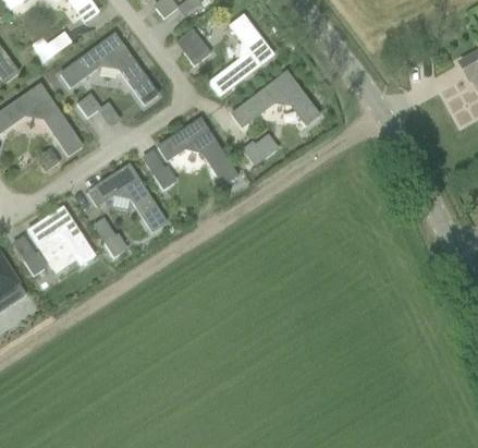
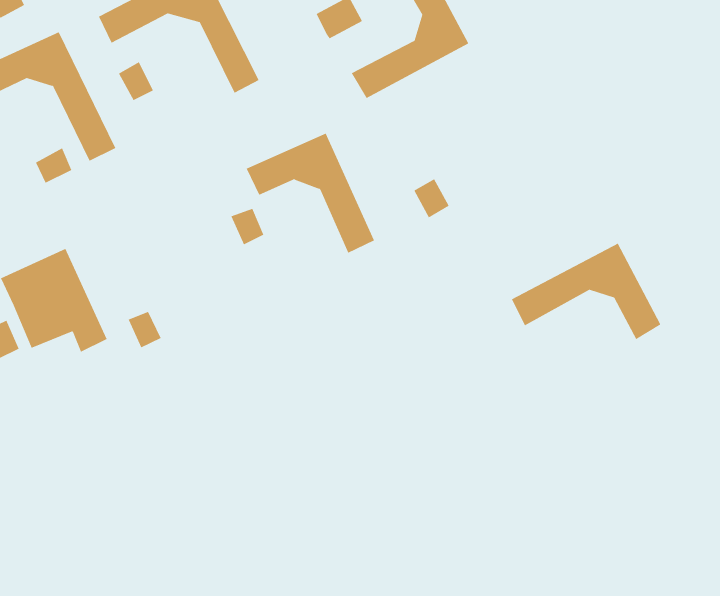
building: [232,71,319,126] -> [511,243,661,340]
building: [88,164,167,231] -> none

